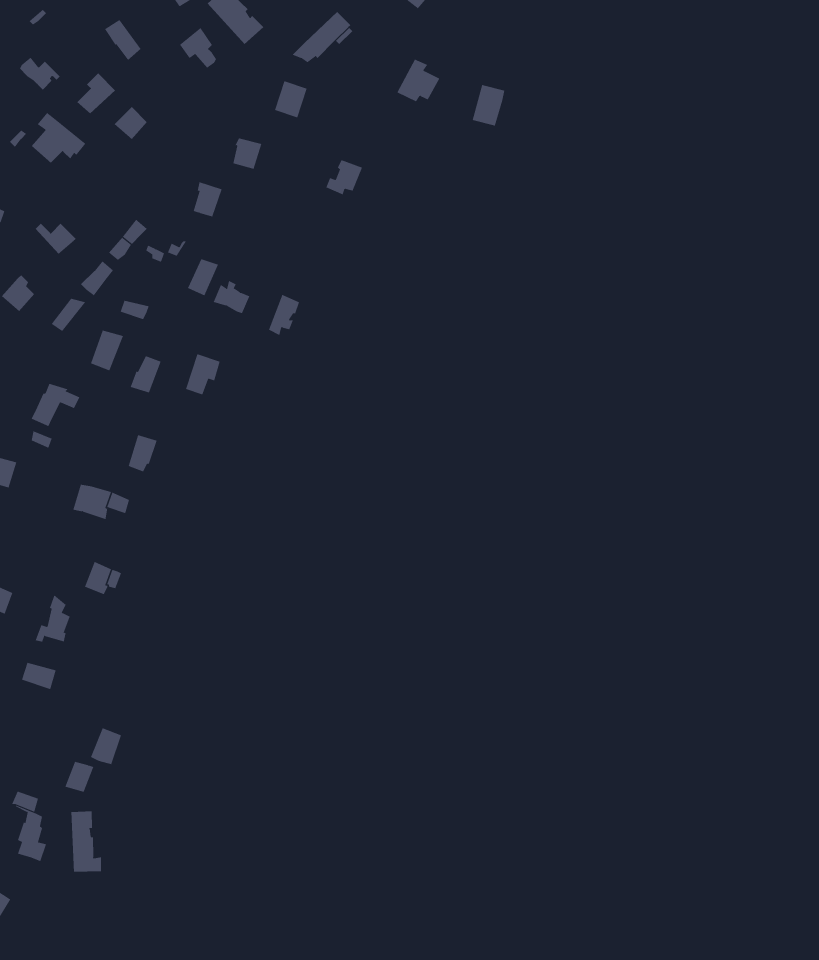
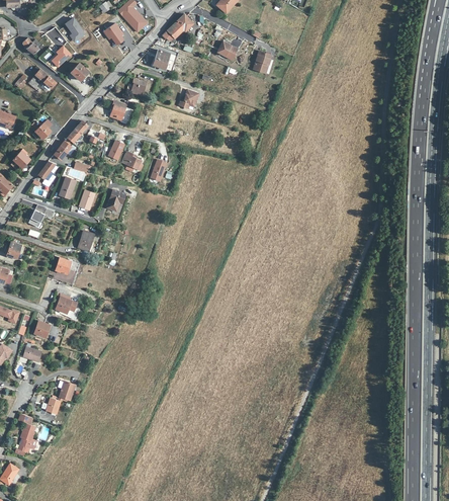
building: [71,811,102,872] -> none

